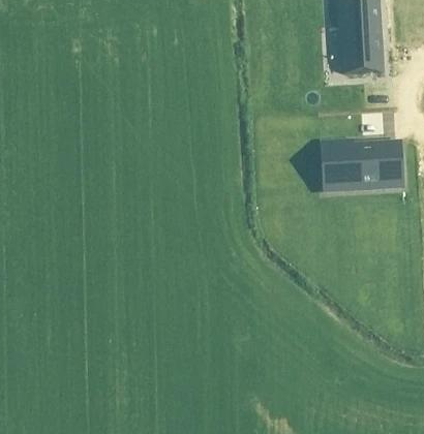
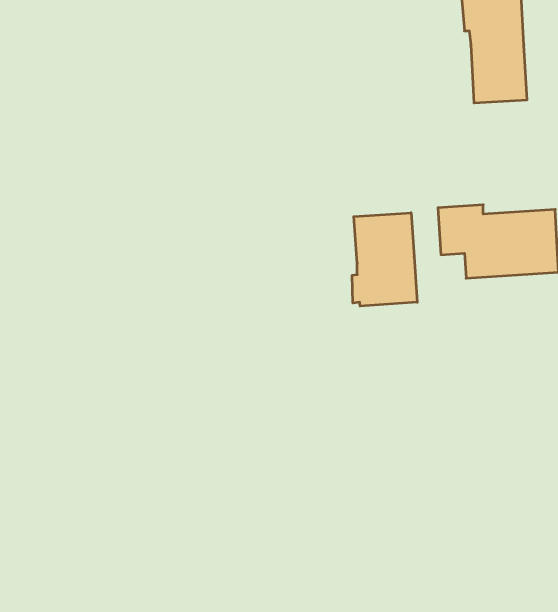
building: none -> [352,213,417,306]

